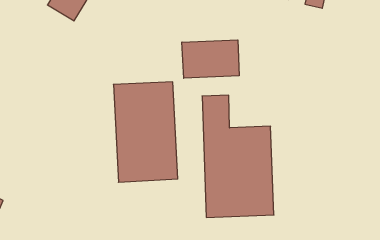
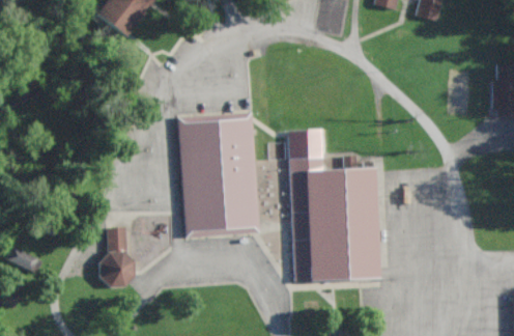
building: [182,40,239,78] -> none
building: none -> [104,227,131,285]

